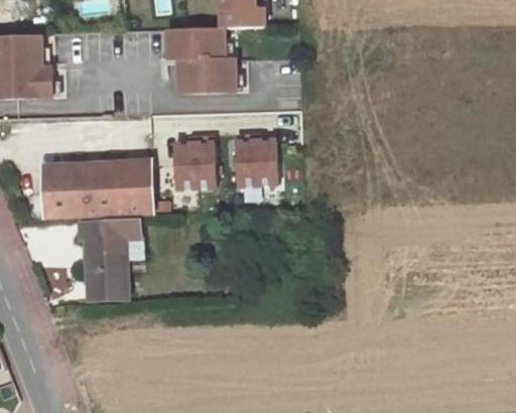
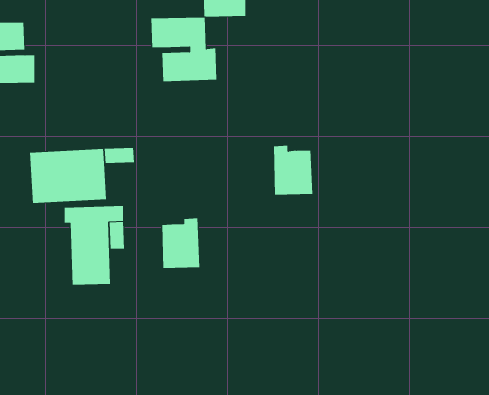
building: [236,136,276,186] -> [273,145,313,195]
building: [175,137,215,188] -> [161,218,200,269]
building: [121,175,153,213] -> none

